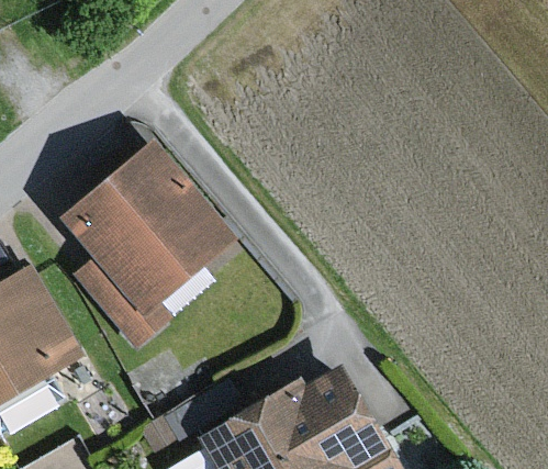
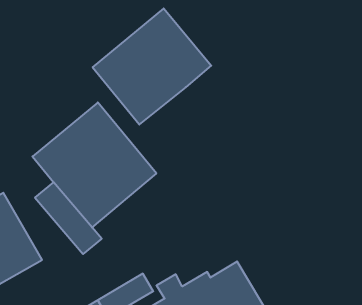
building: none -> [93,8,211,125]

